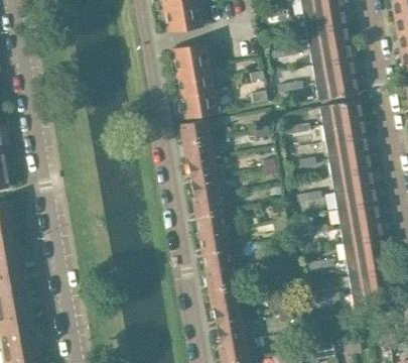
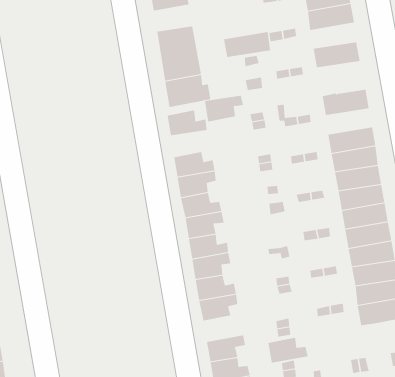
building: [309,42,352,66] -> [223,31,271,57]
building: [315,77,358,101] -> none
building: [323,119,366,142] -> none
building: [185,138,221,162] -> [204,95,244,122]
building: [215,304,251,327] -> [268,337,308,363]

